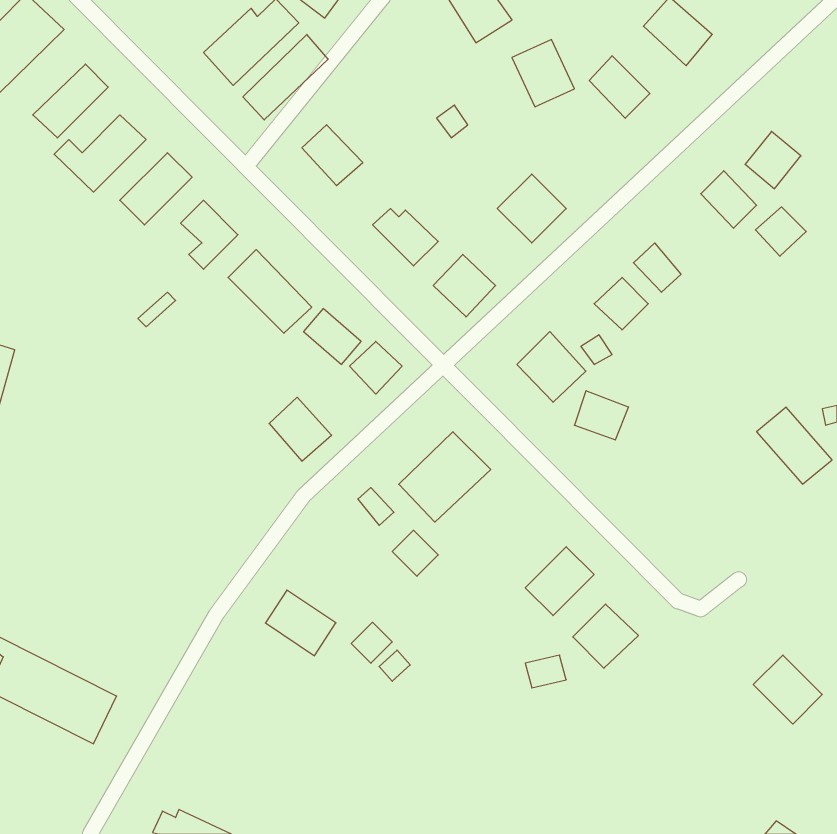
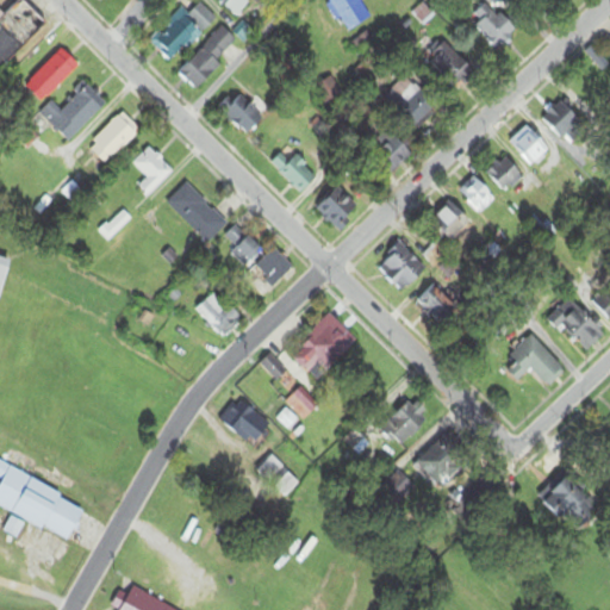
building: [512,40,574,107] -> [387,76,432,125]
building: [755,207,806,256] -> [485,155,522,191]
building: none -> [506,334,565,386]
building: [265,590,336,656] -> [219,397,270,444]

